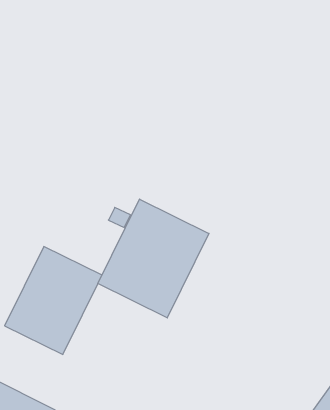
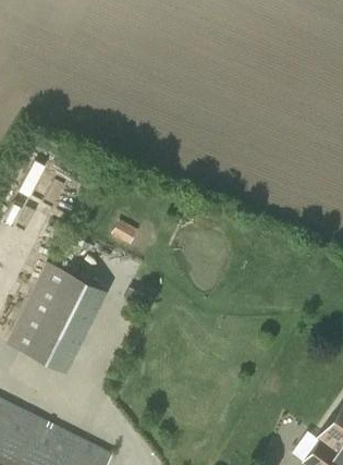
building: [98,199,209,318] -> none

